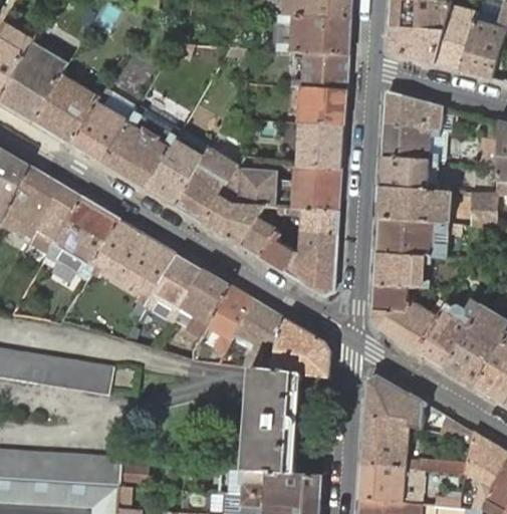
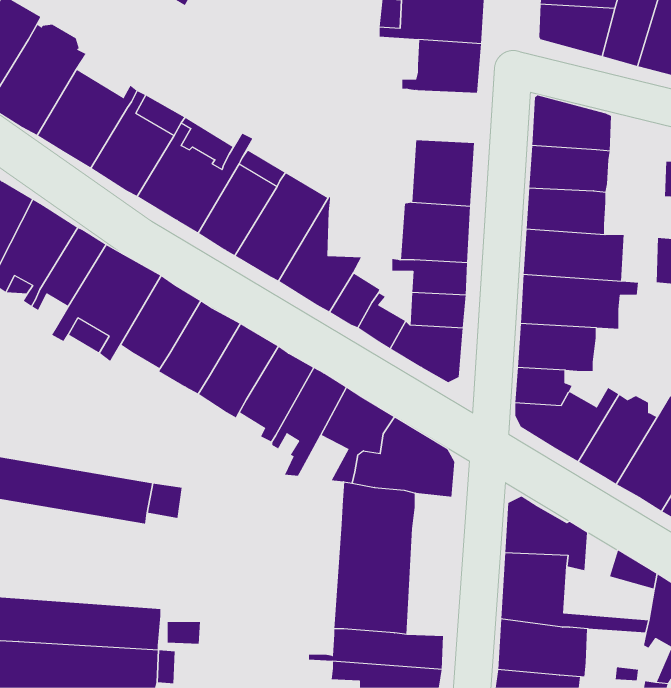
building: [300,88,345,125] -> none
building: [239,166,277,207] -> none

